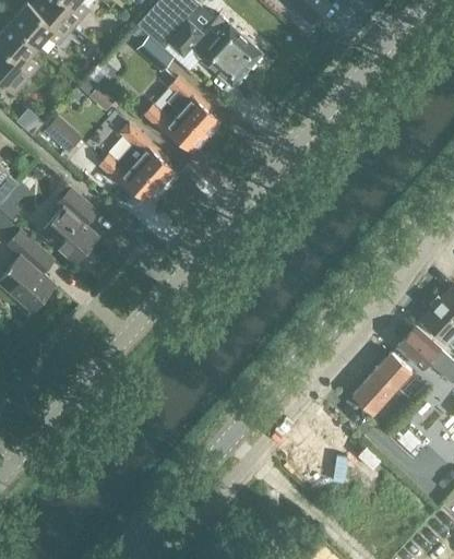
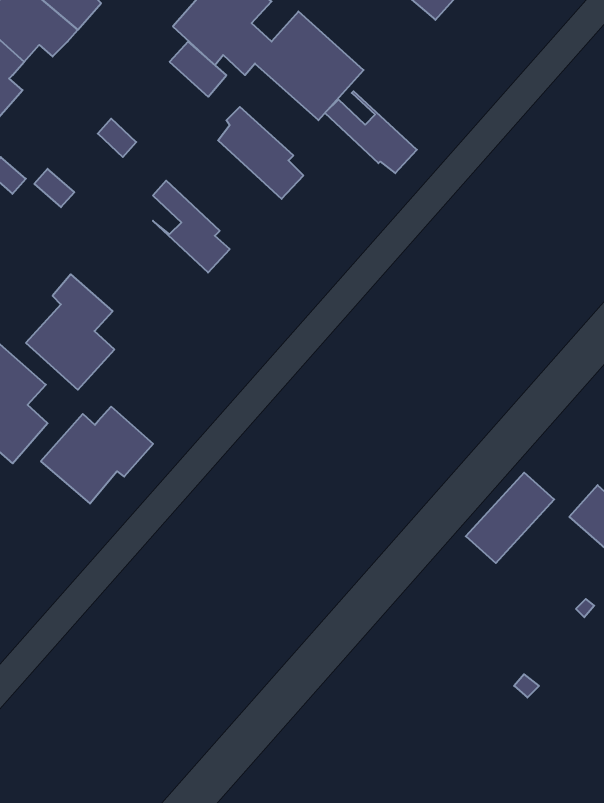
building: [148,100,208,154] -> [325,91,417,173]
building: [100,153,160,203] -> none
building: none -> [41,407,153,504]
building: [354,353,411,412] -> [466,473,554,563]

